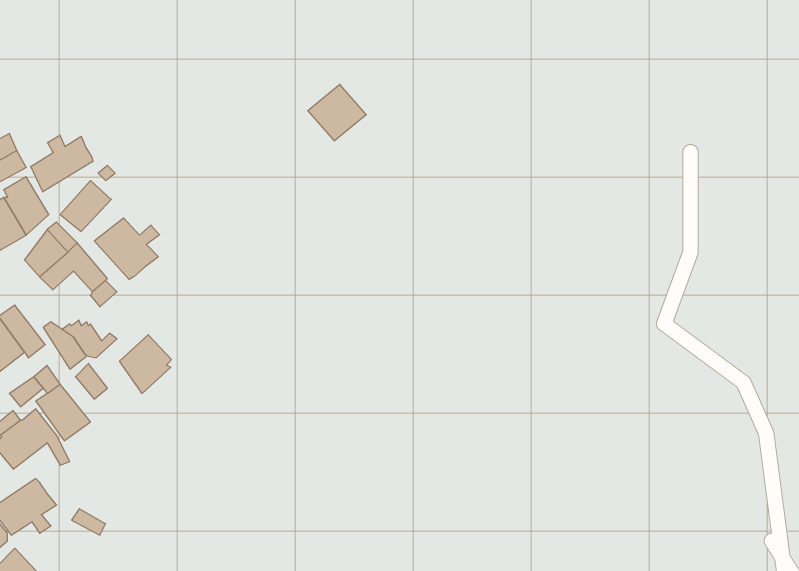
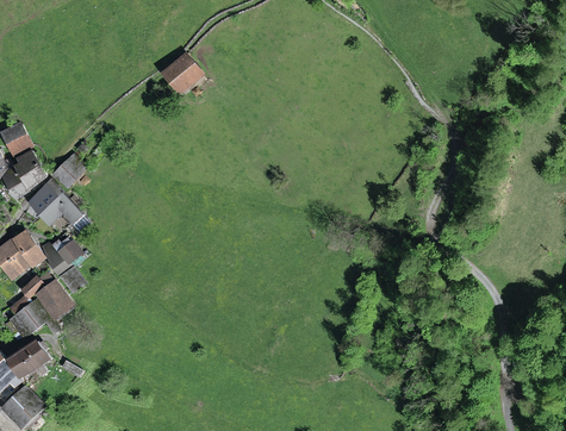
building: [308,84,366,141] -> [163,56,200,92]
building: [31,135,93,192] -> none
building: [94,218,160,280] -> none
building: [120,335,171,393] -> none

